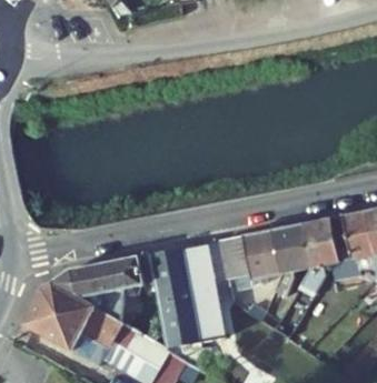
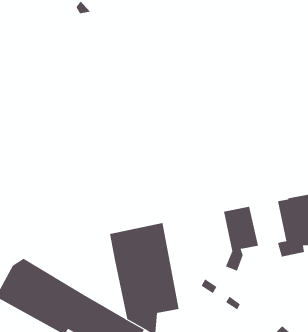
building: [304,219,343,292] -> none
building: [222,231,284,291] -> none
building: [57,255,156,322] -> none

